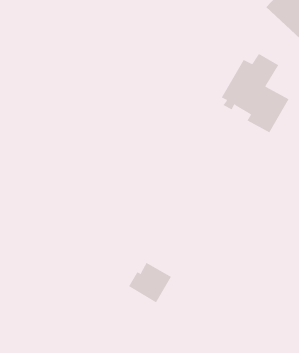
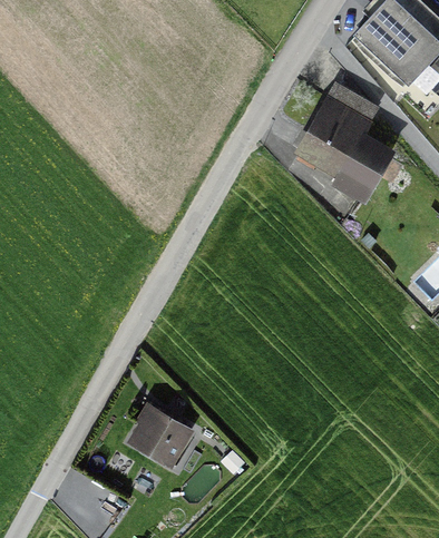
building: [128,262,172,303] -> [131,411,188,464]

